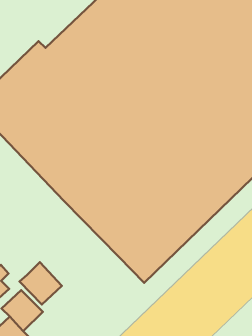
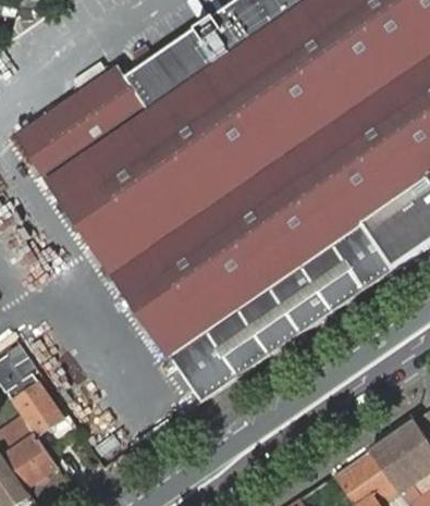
building: [20,262,62,305] -> none

